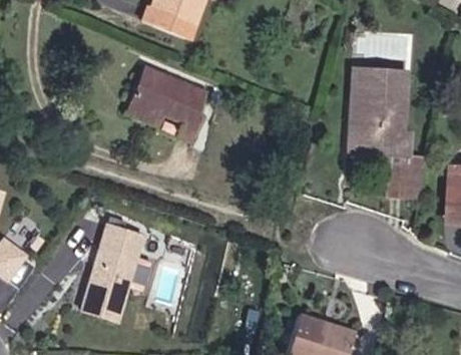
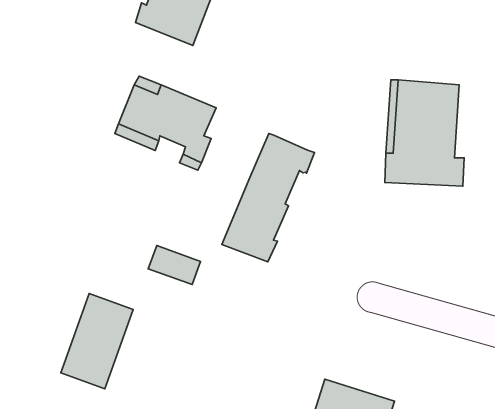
building: none -> [222,133,315,262]
building: [387,158,427,199] -> none
building: [104,225,147,257] -> [148,246,201,285]

